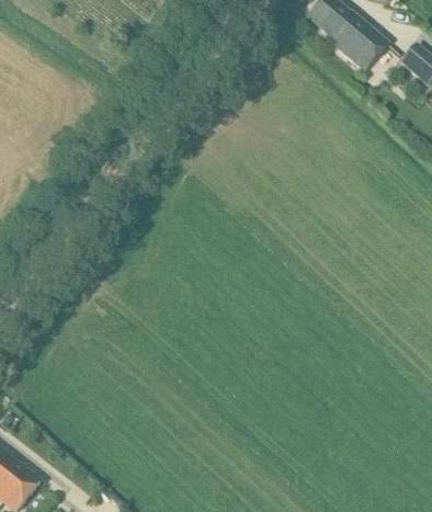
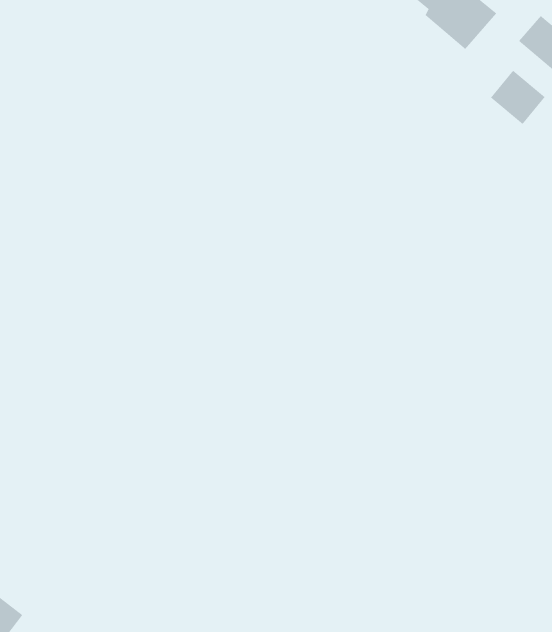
building: none -> [490,70,545,125]

